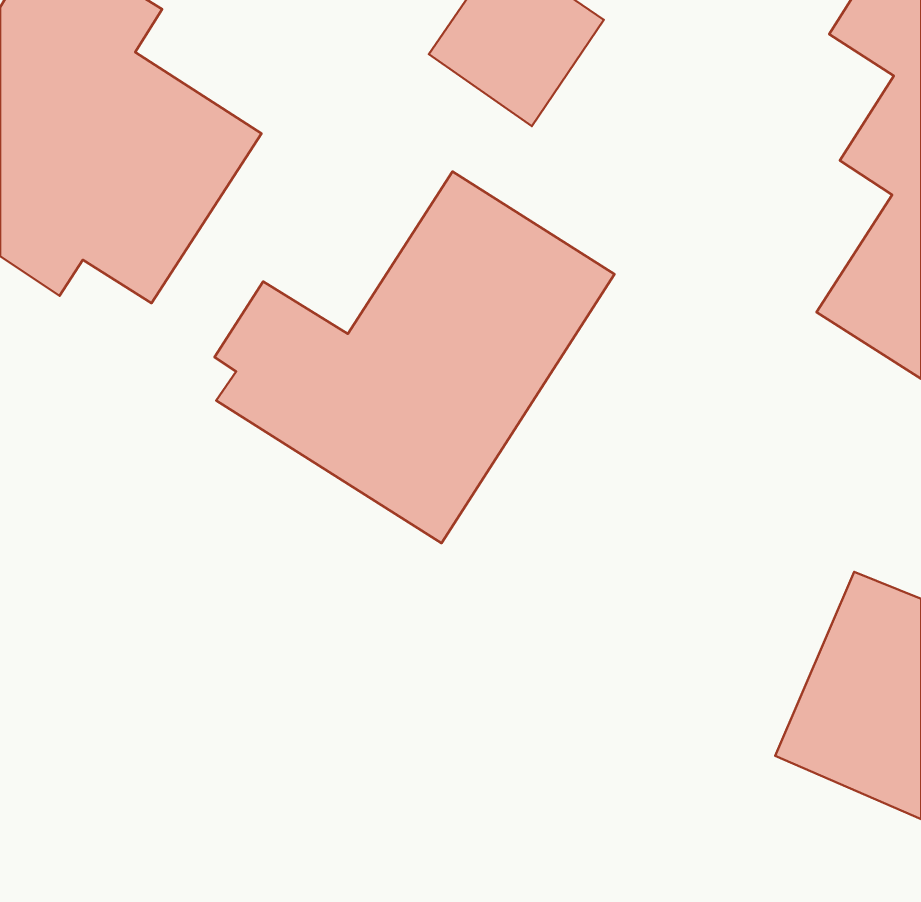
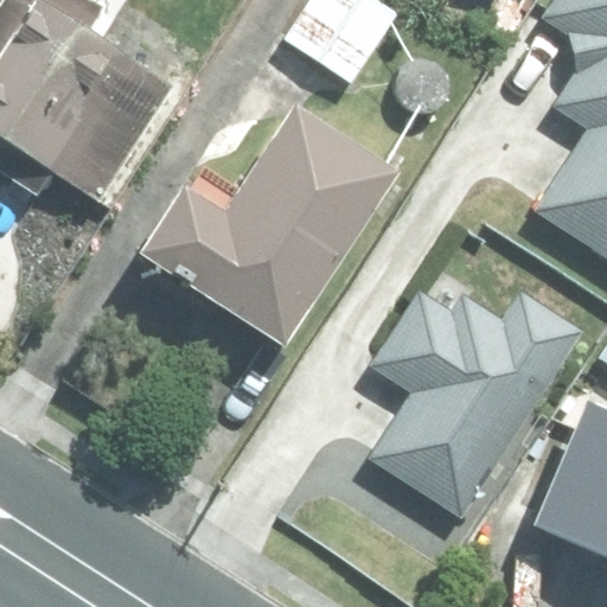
building: none -> [371,286,577,507]

